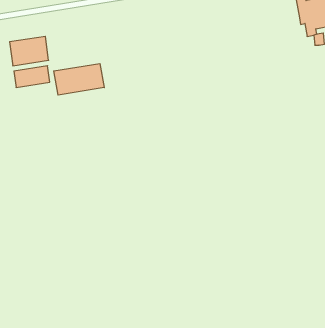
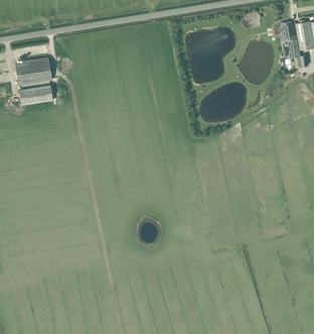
building: [54,64,104,95] -> none

